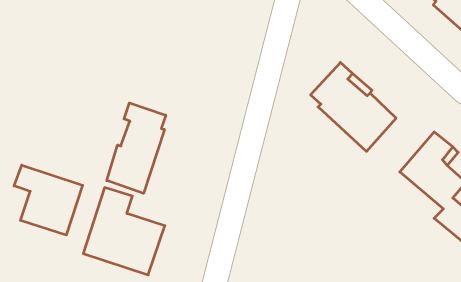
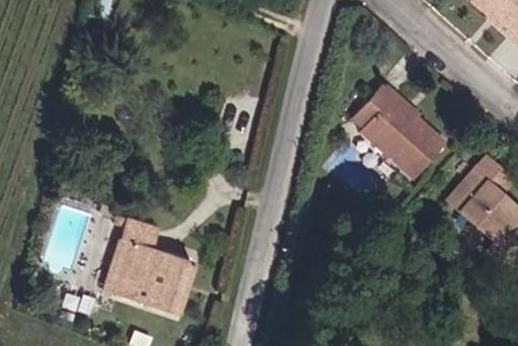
building: [107,103,166,193] -> none
building: [14,165,83,235] -> none

